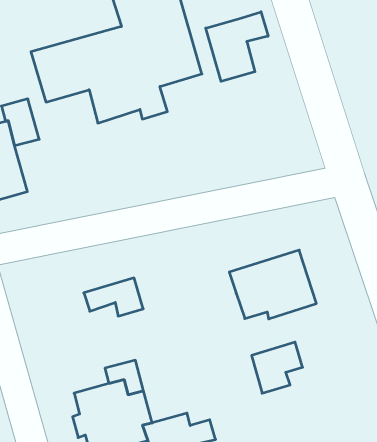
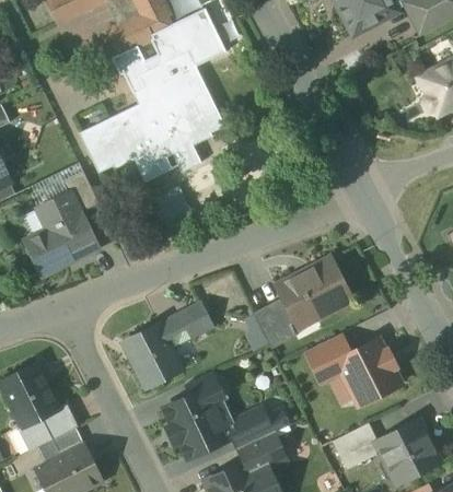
building: [206,12,268,81] -> none
building: none -> [123,324,182,387]
building: none -> [255,302,295,349]
building: none -> [336,339,398,405]

